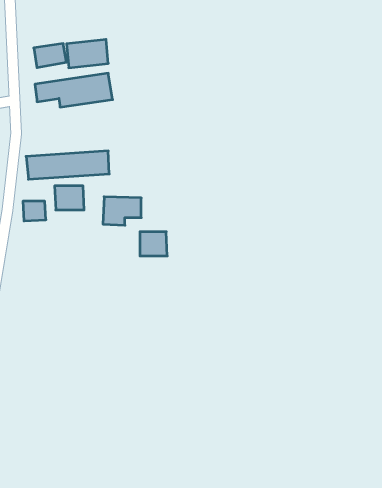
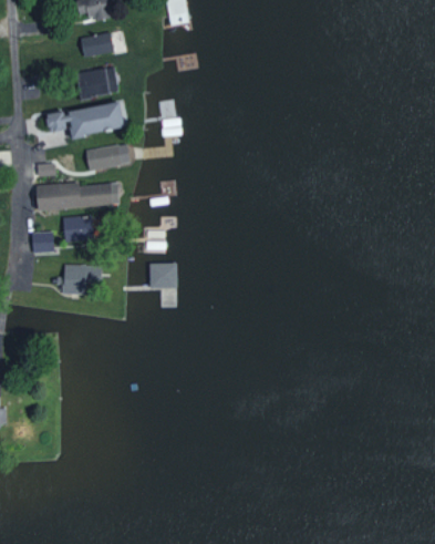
building: [34,44,67,68] -> [81,33,114,58]
building: none -> [86,145,131,170]
building: [103,197,141,225] -> [63,265,102,294]

